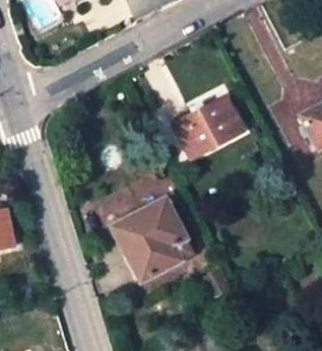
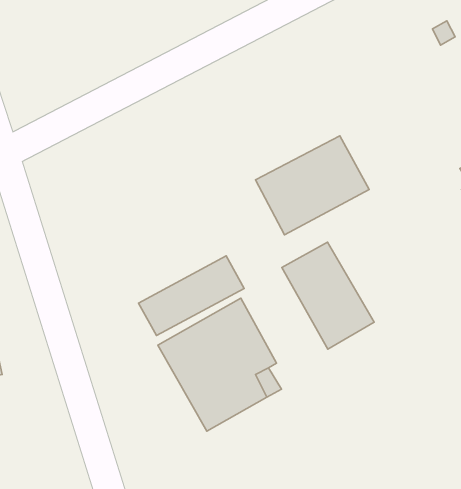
building: none -> [282,242,374,349]

